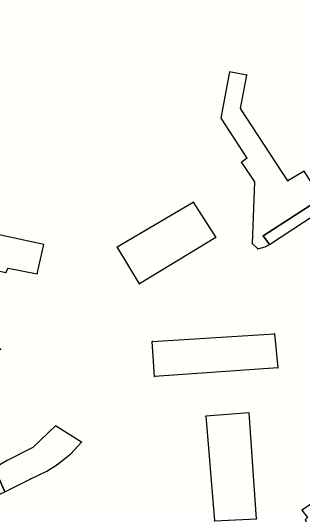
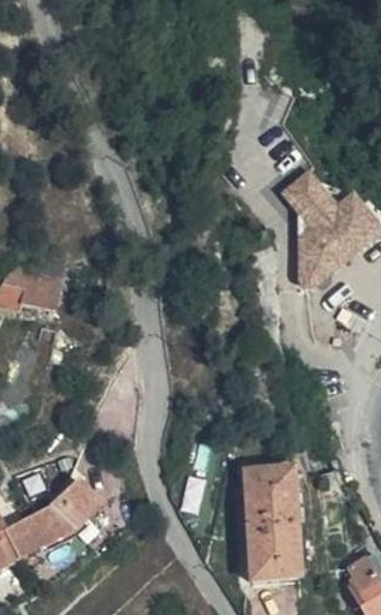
building: [117,202,216,284] -> none
building: [152,334,278,377] -> none

